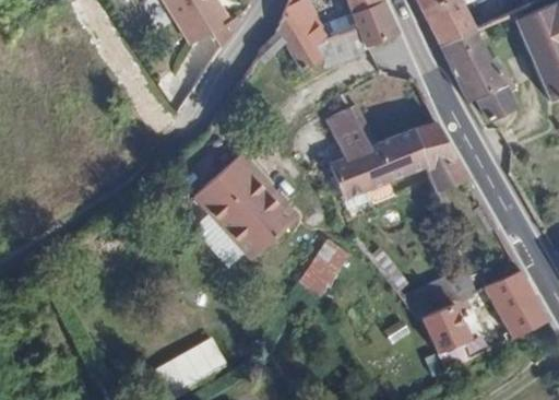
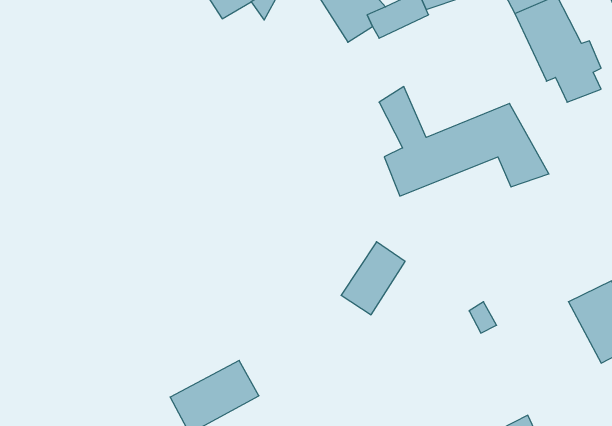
building: [199,162,293,258] -> none
building: [423,303,471,370] -> none

